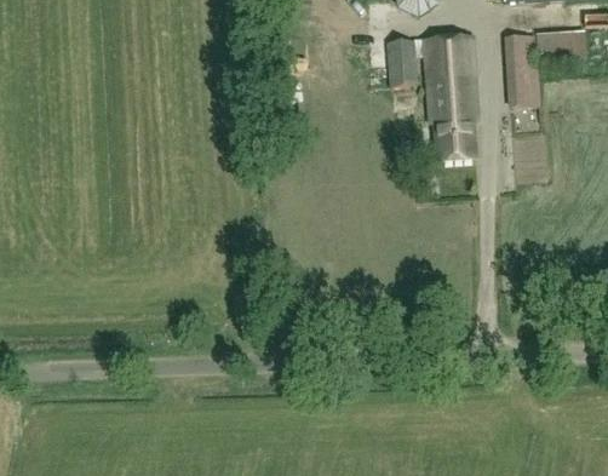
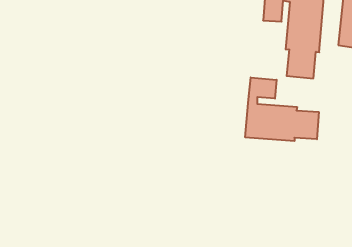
building: none -> [245,77,319,141]

